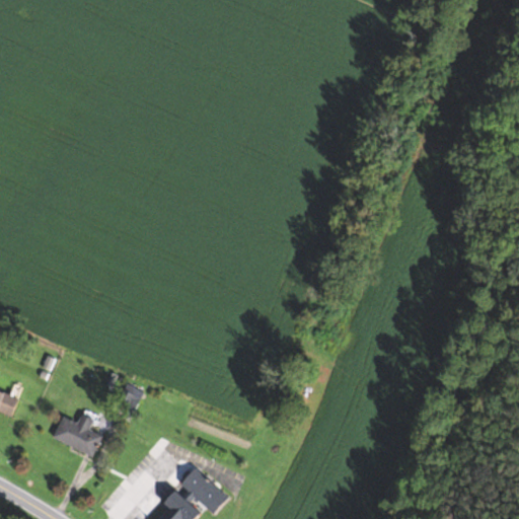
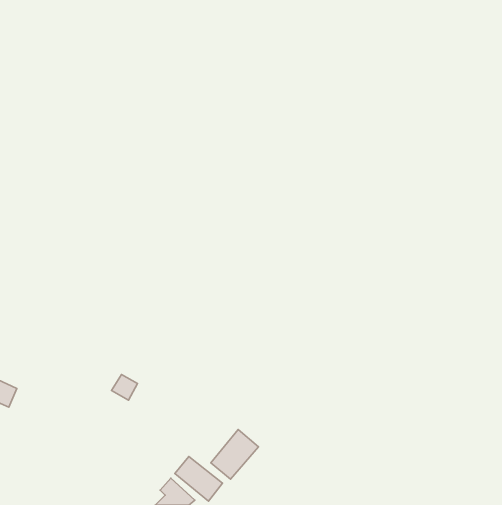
building: [52,414,101,455] -> none
building: none -> [211,429,258,479]

